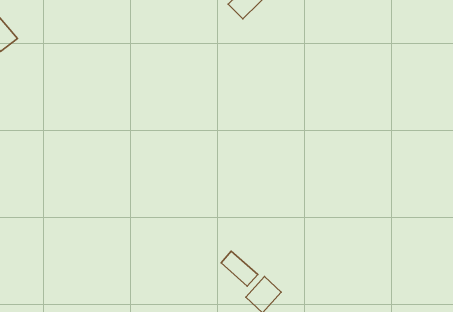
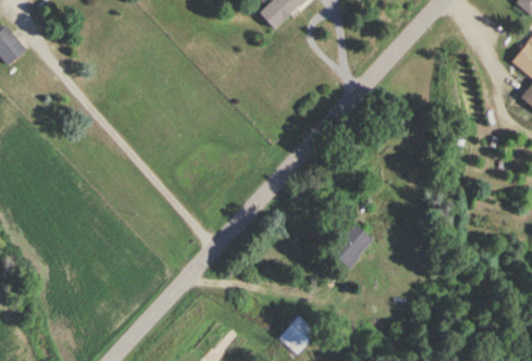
building: none -> [330,222,373,266]
building: [221,251,258,286] -> none

